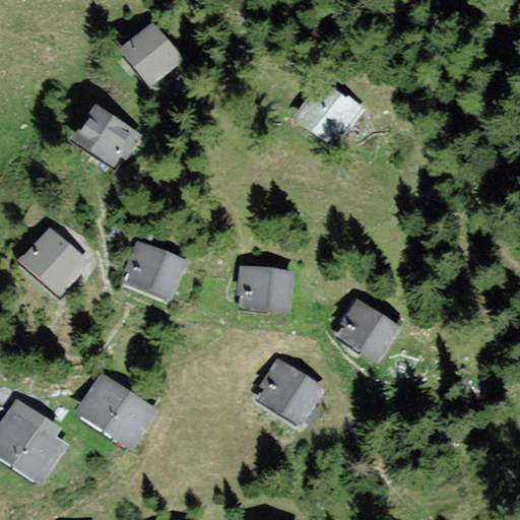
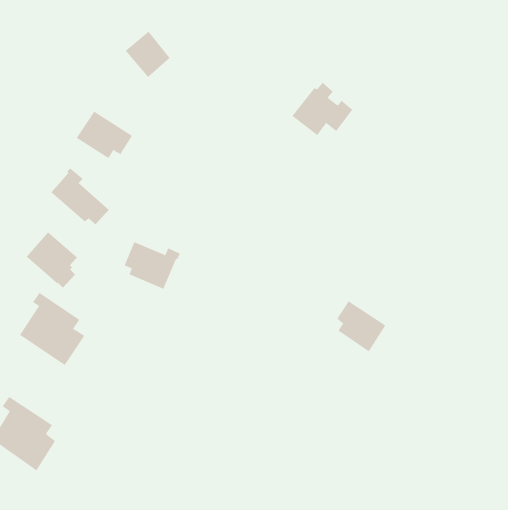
building: none -> [51,168,109,225]
building: [230,270,286,310] -> none
building: [261,364,318,425] -> none
building: [81,369,148,444] -> [19,292,85,366]

